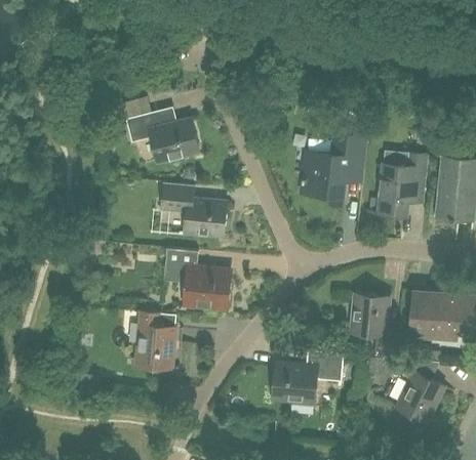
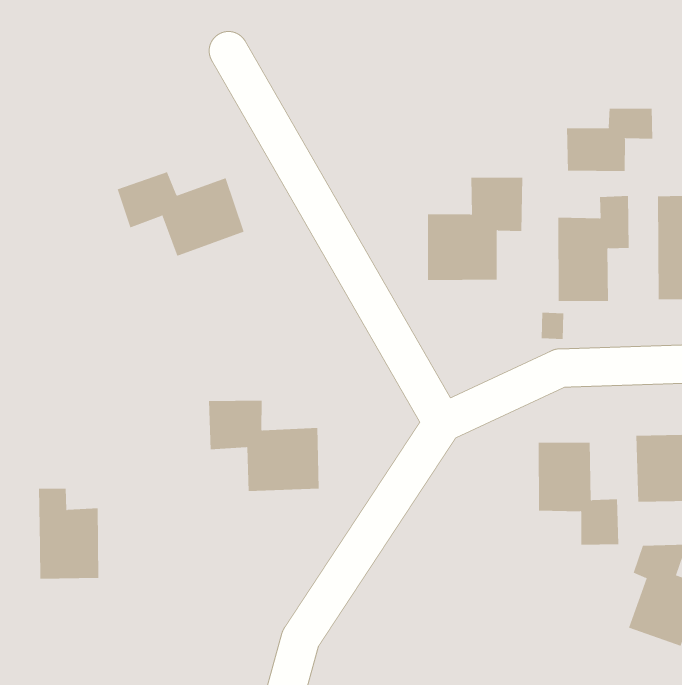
building: none -> [567,108,653,172]
building: [160,183,227,236] -> none
building: [136,312,175,369] -> [38,488,99,579]
building: [273,351,344,403] -> none

